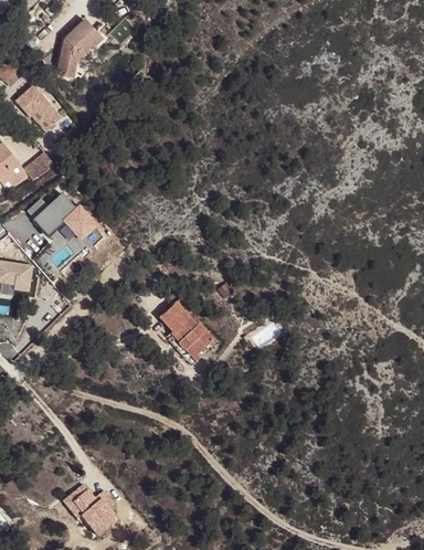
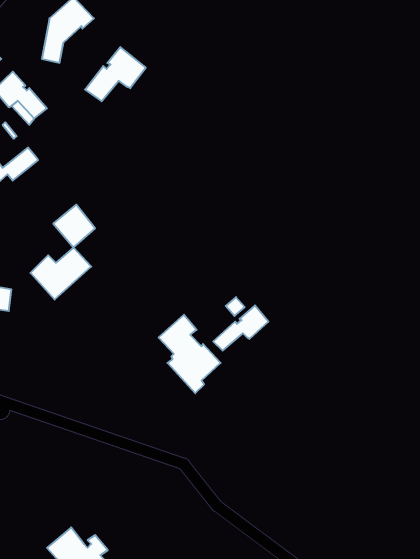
building: none -> [85,47,146,101]
building: [31,189,84,234] -> [30,248,91,300]
building: none -> [213,305,268,351]

